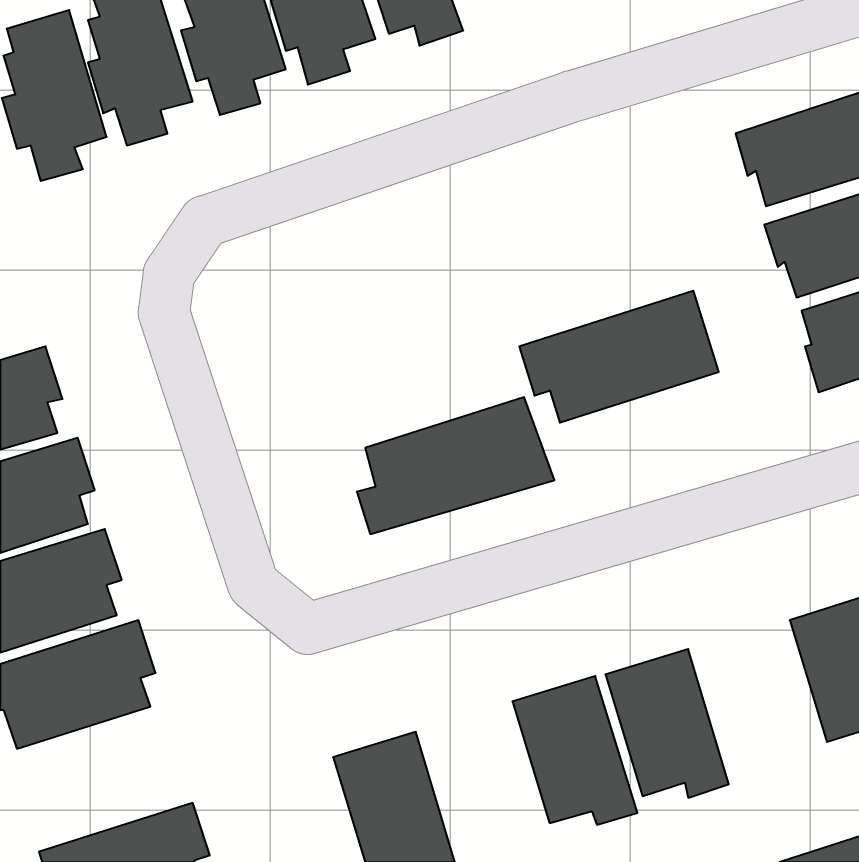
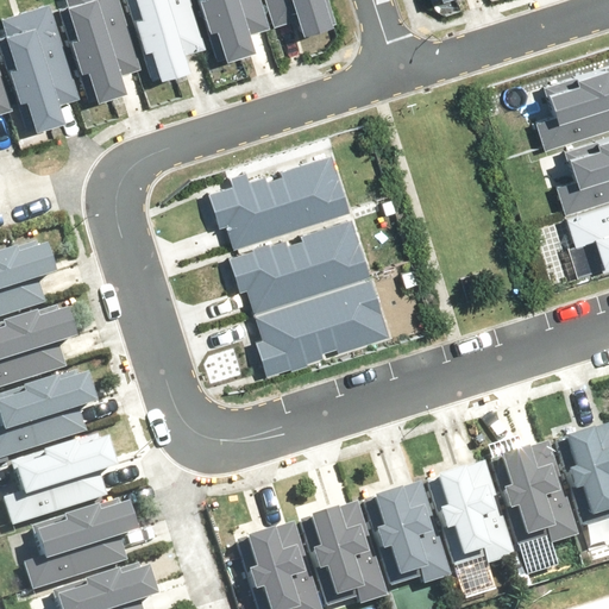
building: none -> [209,157,350,250]
building: [519,291,719,423] -> [232,222,372,315]
building: none -> [491,437,579,541]
building: none -> [302,497,389,601]
building: none -> [11,502,130,594]

